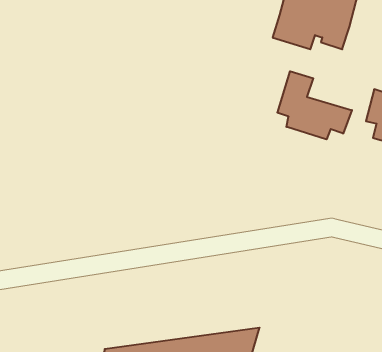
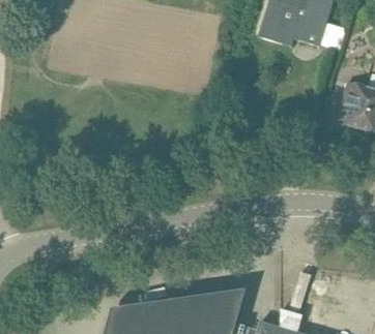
building: [277,71,352,139] -> none

